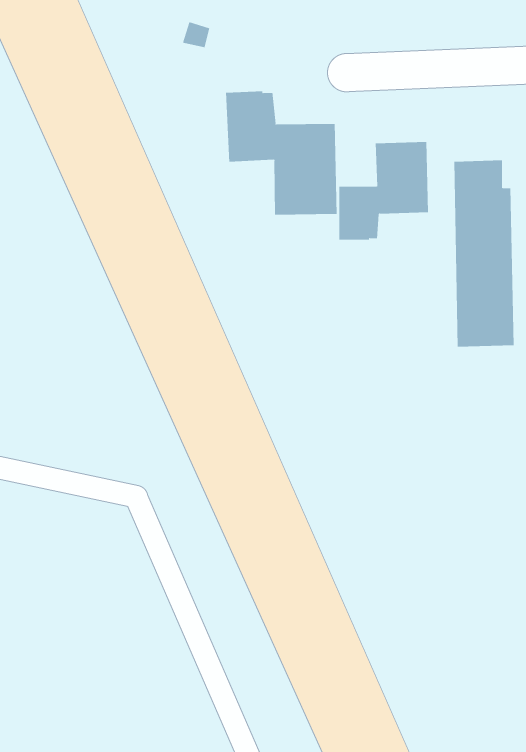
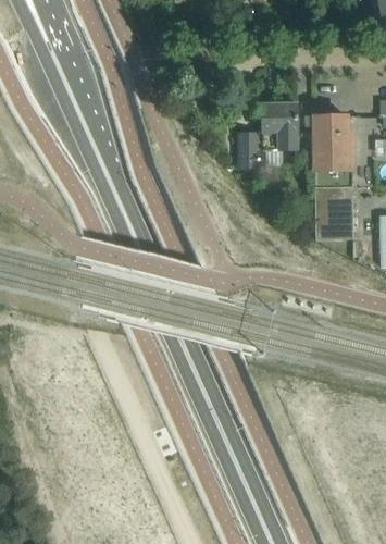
building: [226,90,337,216] -> none

